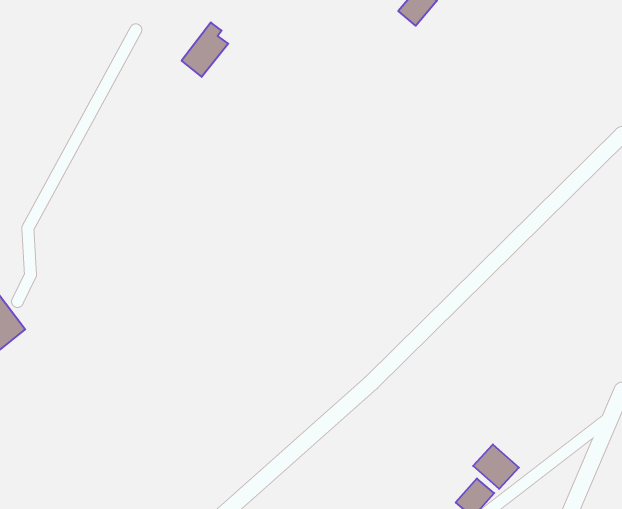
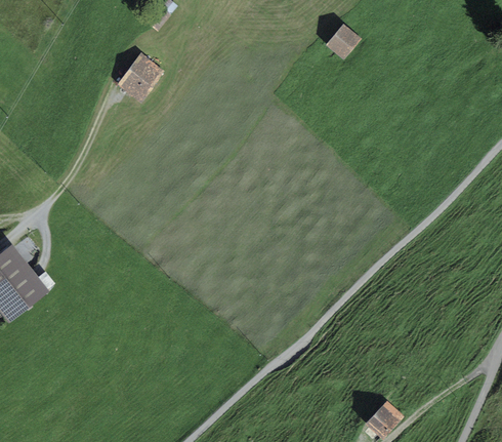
building: [182,22,228,77] -> [123,50,159,92]
building: [473,444,519,489] -> none

